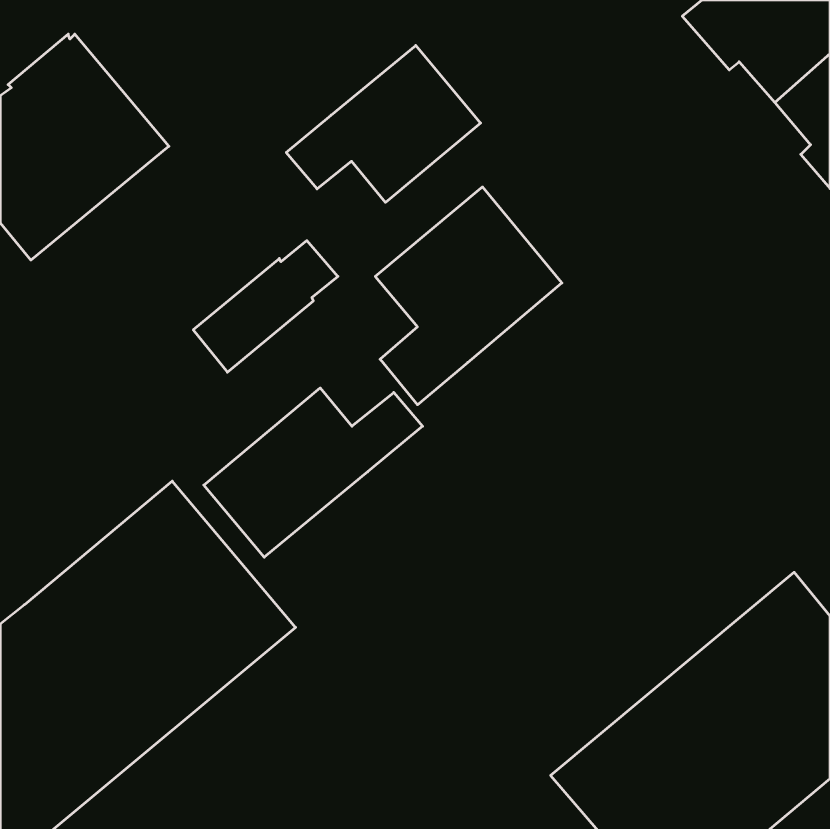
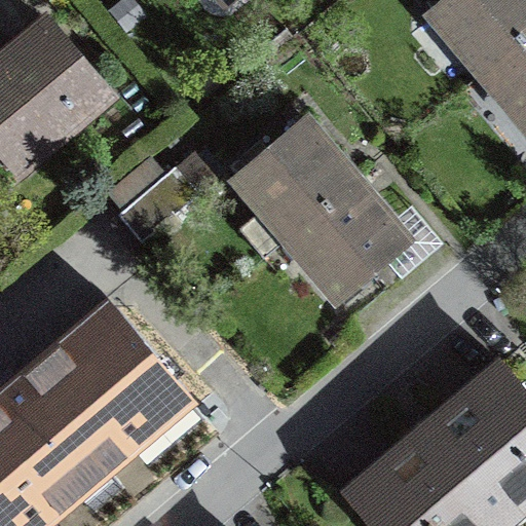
building: [286,45,481,202] -> none
building: none -> [296,180,407,297]
building: [204,388,423,557] -> none

